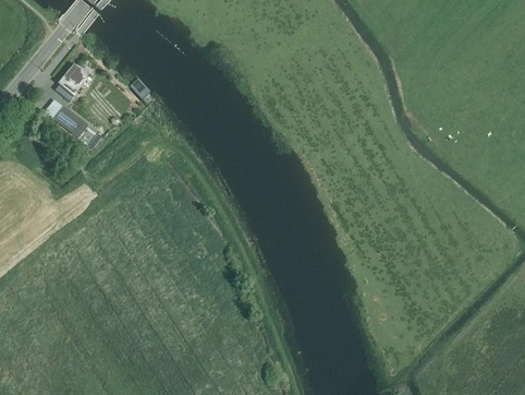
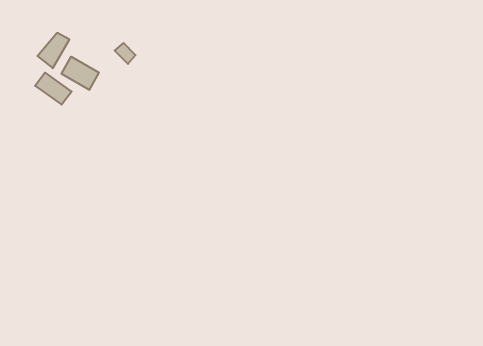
building: none -> [62,57,99,90]

